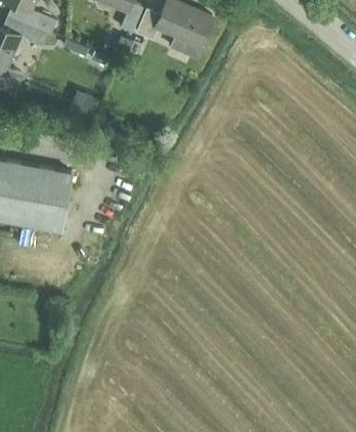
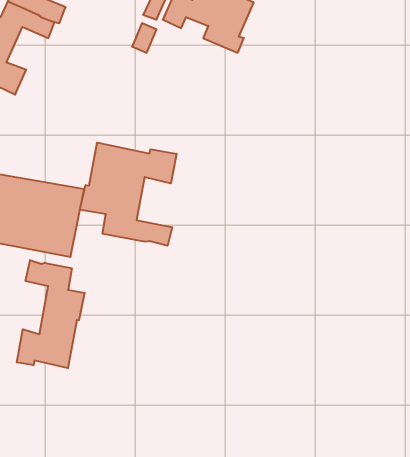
building: none -> [80,143,177,246]
building: none -> [17,260,85,368]

